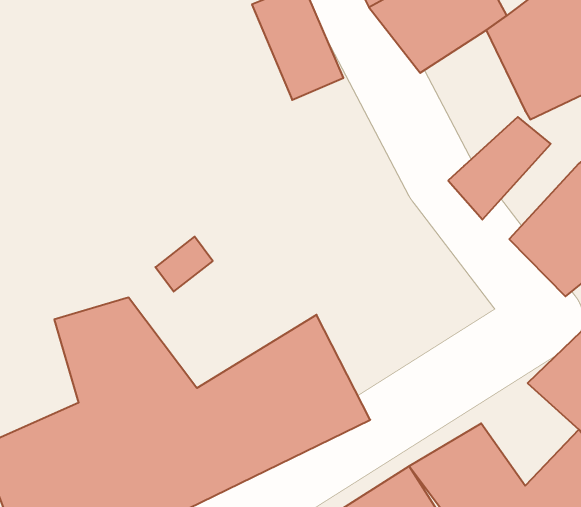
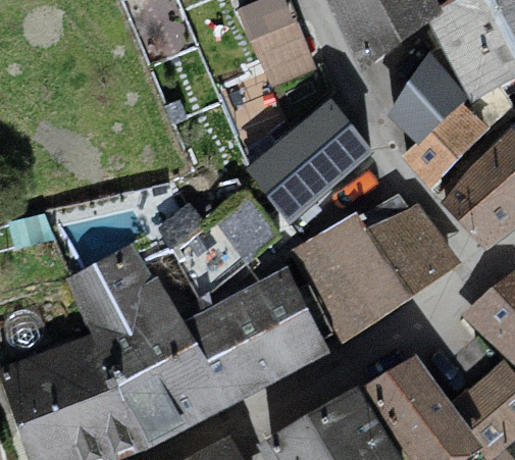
building: none -> [382,47,463,139]
building: none -> [238,91,375,222]
building: none -> [287,200,455,342]

